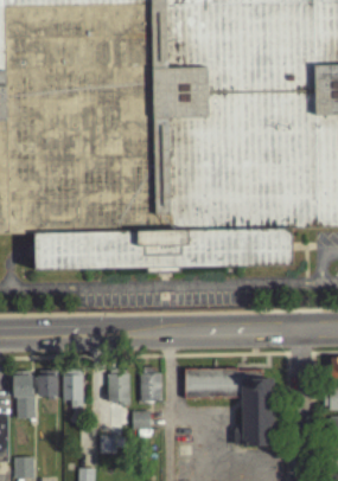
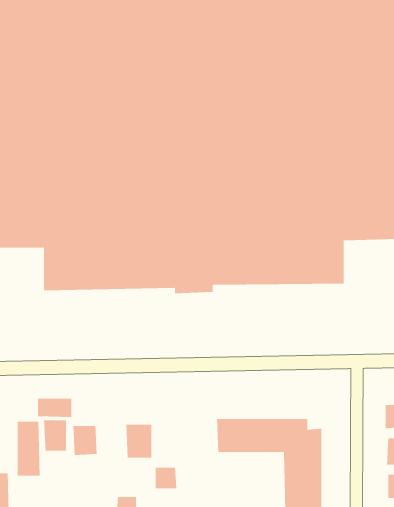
building: none -> [37,398,72,418]
building: [141,373,162,403] -> none

